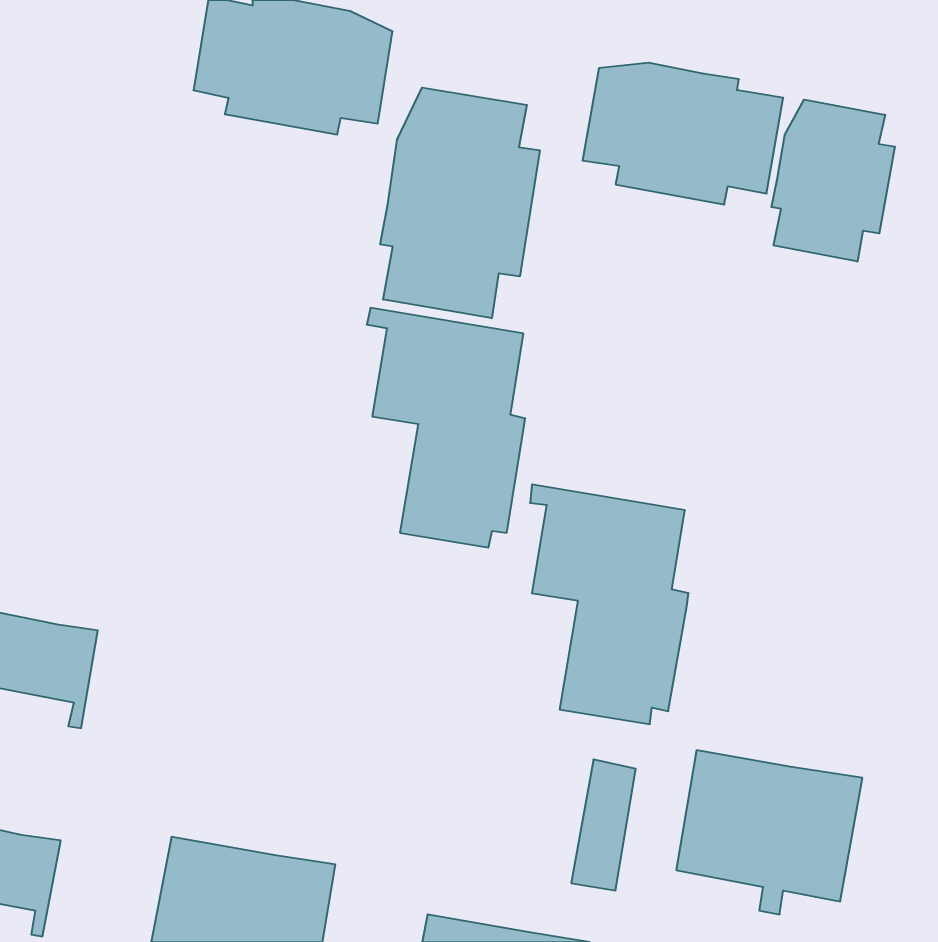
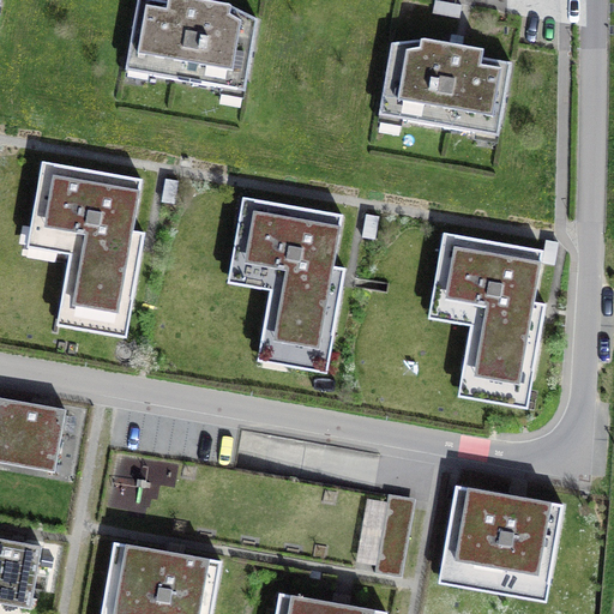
building: [380,88,540,318] -> none
building: [771,100,895,262] -> none
building: none -> [38,164,142,319]
building: [530,484,689,724] -> [440,235,543,391]

